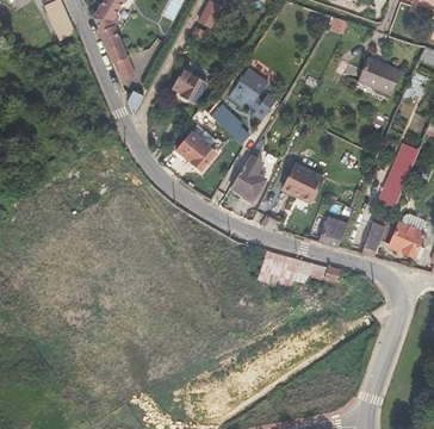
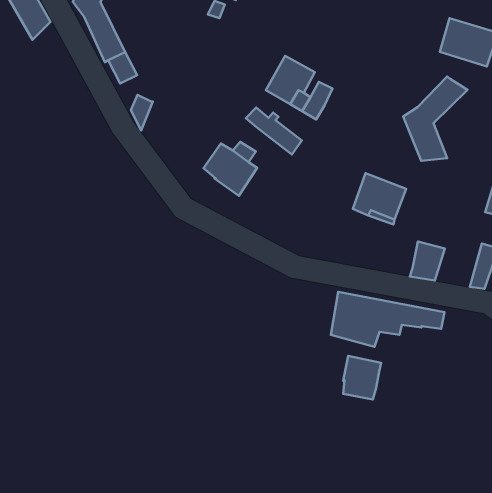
building: [172,68,206,104] -> none
building: none -> [403,76,468,161]
building: [231,153,268,199] -> none
building: none -> [343,356,381,399]

